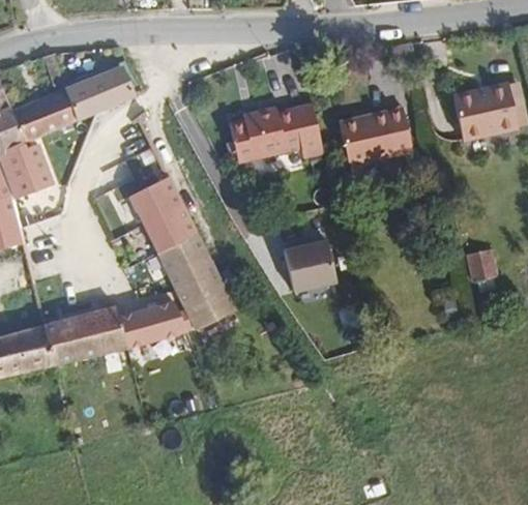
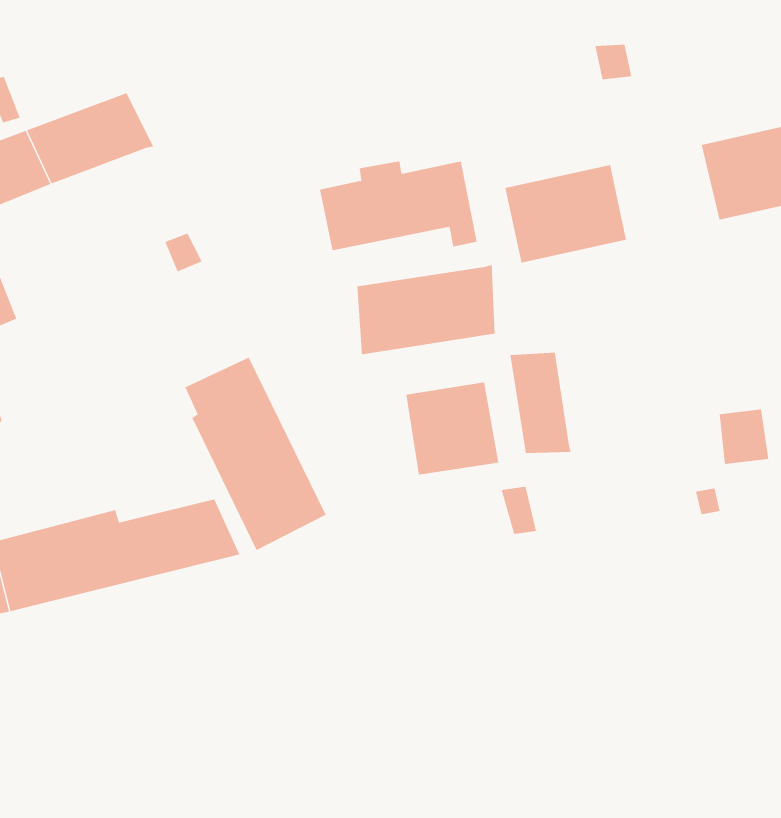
building: none -> [357,264,495,355]
building: [140,187,192,236] -> none
building: none -> [510,352,571,454]

